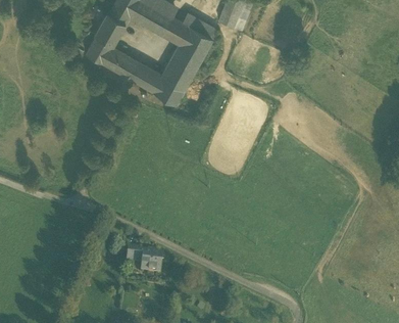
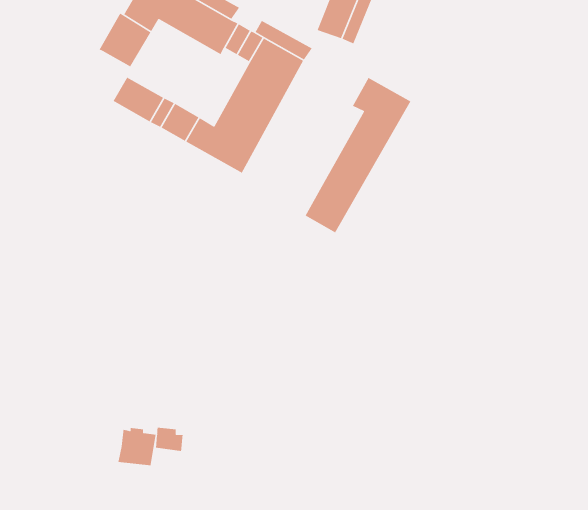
building: [86,31,112,59] -> none
building: none -> [304,77,411,233]
building: [140,250,162,273] -> [117,427,156,466]

